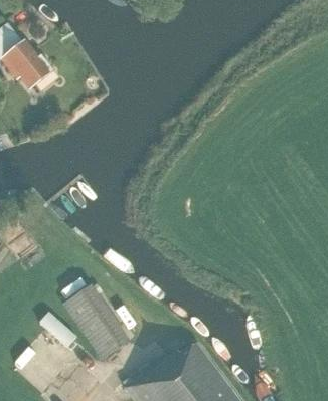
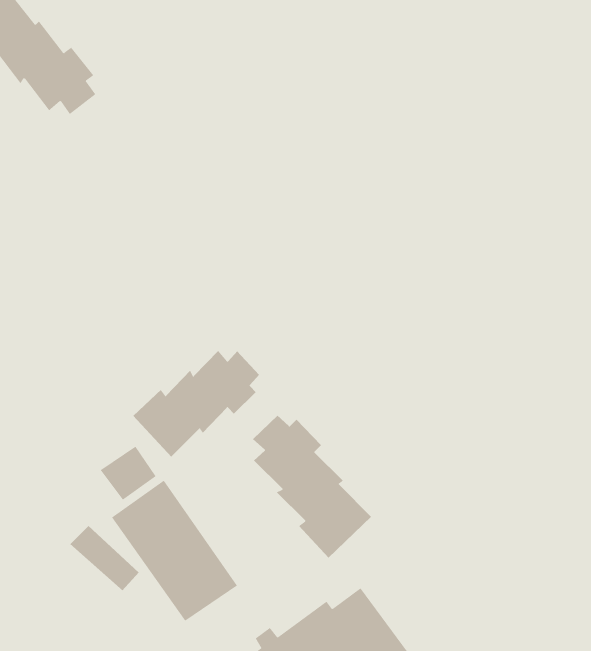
building: none -> [132,350,260,458]
building: none -> [252,415,372,558]

